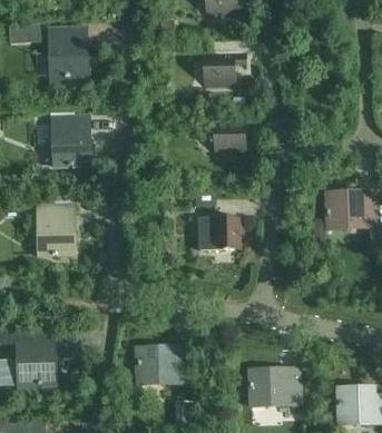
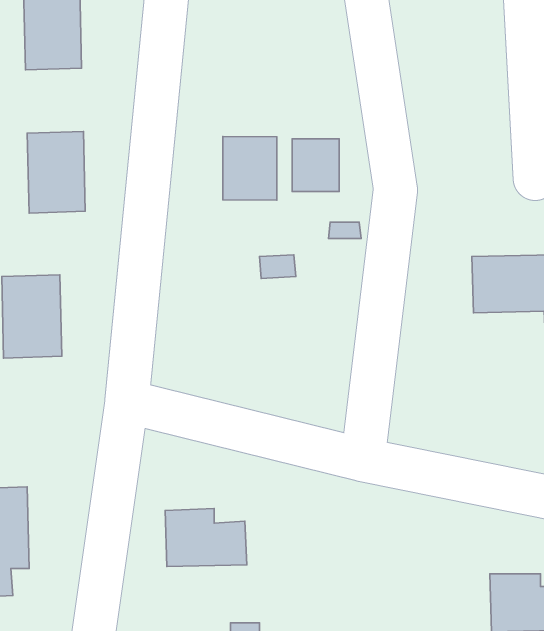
building: [204,51,234,85] -> none
building: none -> [223,136,277,200]
building: [198,218,244,248] -> none
building: [248,367,298,404] -> none

